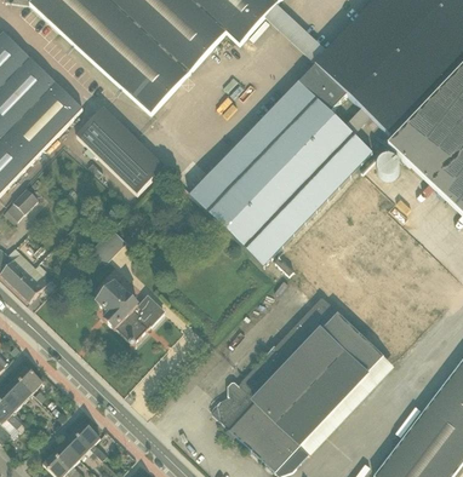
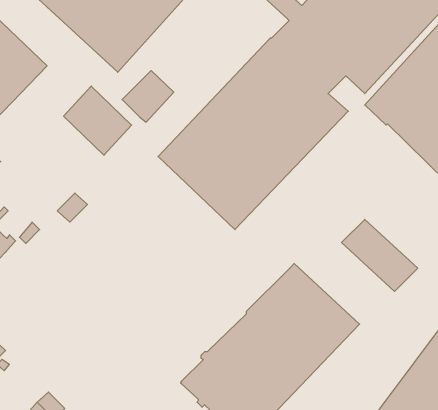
building: [76,107,126,156] -> [122,71,174,122]
building: none -> [342,219,418,291]
building: [97,282,164,345] -> none

